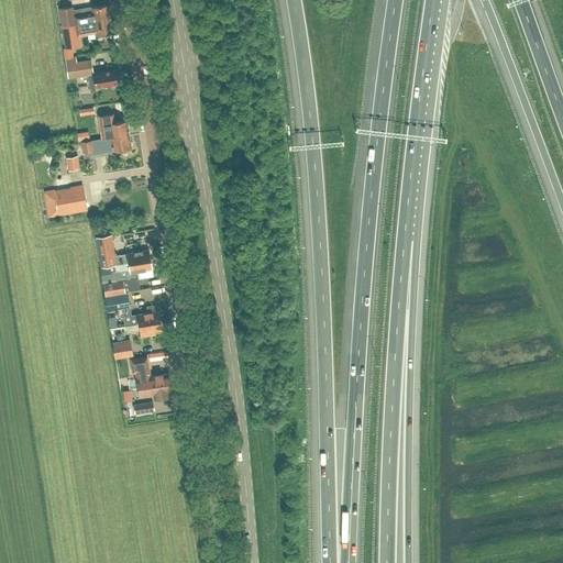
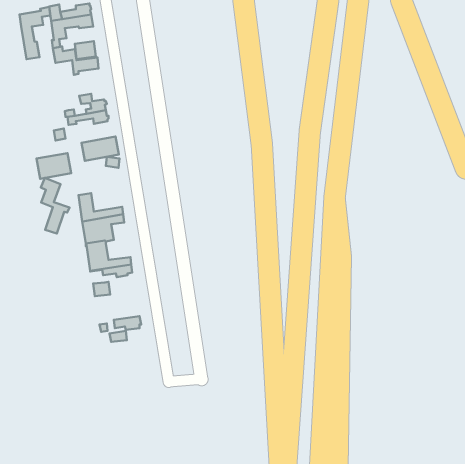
building: none -> [19,7,50,59]
building: none -> [82,136,119,161]
building: none -> [41,178,69,234]
building: [130,357,169,388] -> none

